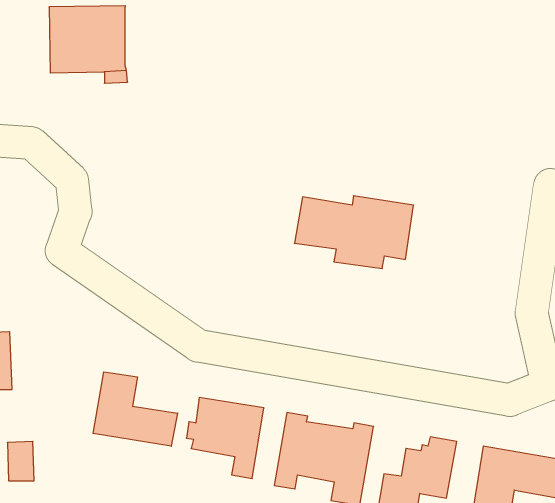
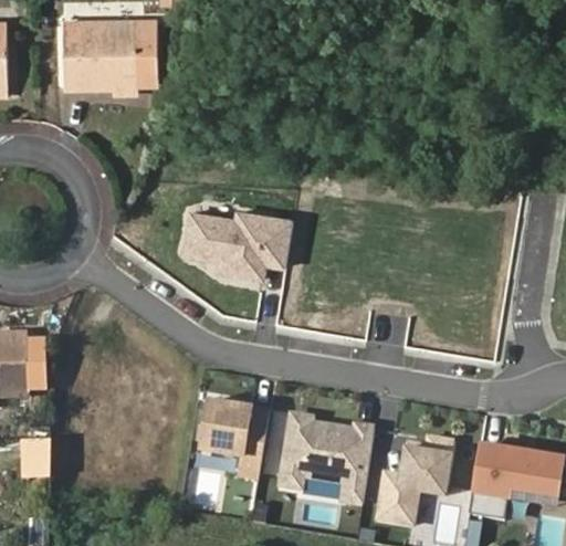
building: none -> [136,23,158,80]
building: [294,196,413,269] -> [180,210,294,280]
building: [93,372,178,446] -> none

